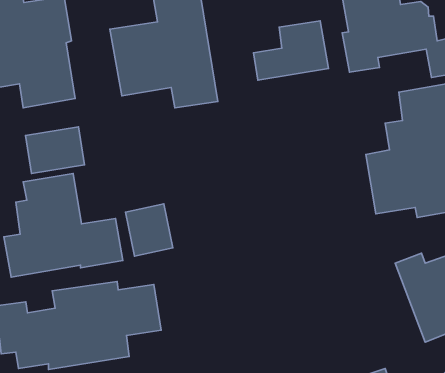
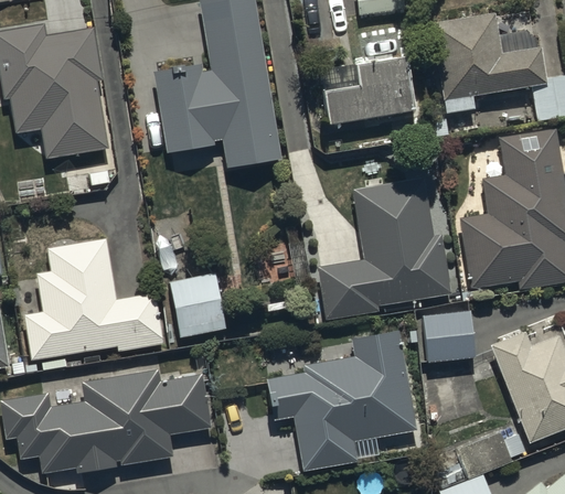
building: none -> [313,176,451,322]
building: [26,127,85,173] -> none
building: none -> [424,308,476,363]
building: none -> [267,333,418,473]

